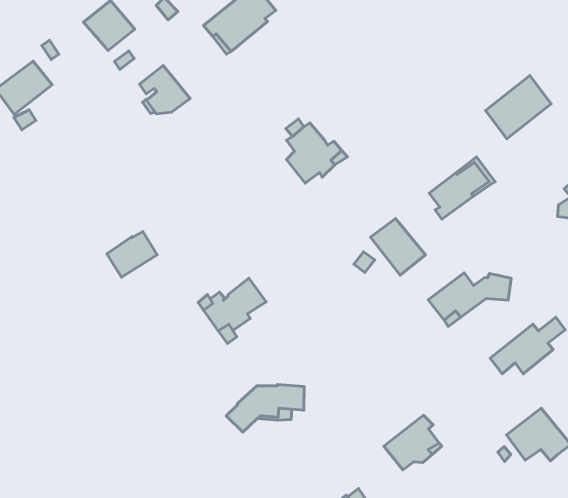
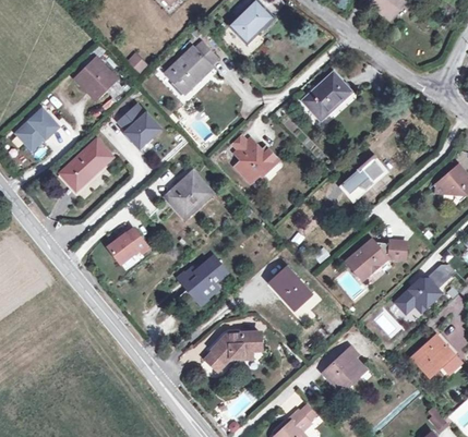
building: [485,75,551,139] -> [303,72,351,120]
building: none -> [61,139,112,190]
building: none -> [168,173,211,216]
building: [370,218,425,275] -> [269,267,311,308]

